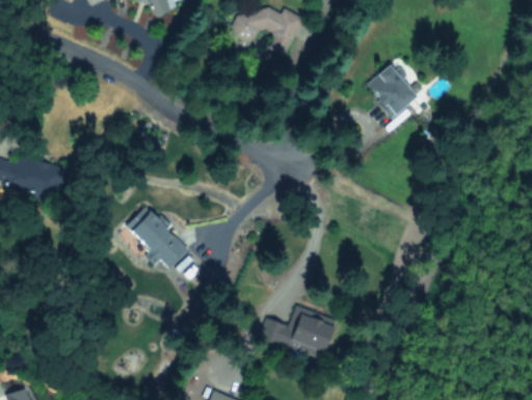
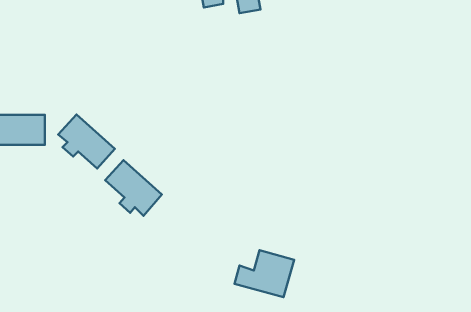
building: [365,65,417,116] -> none
building: none -> [58,115,115,169]

